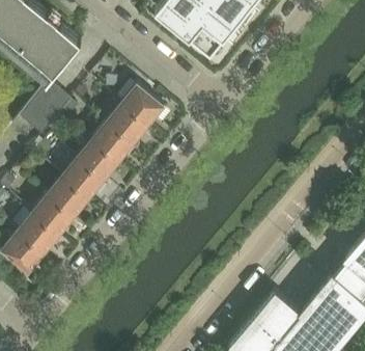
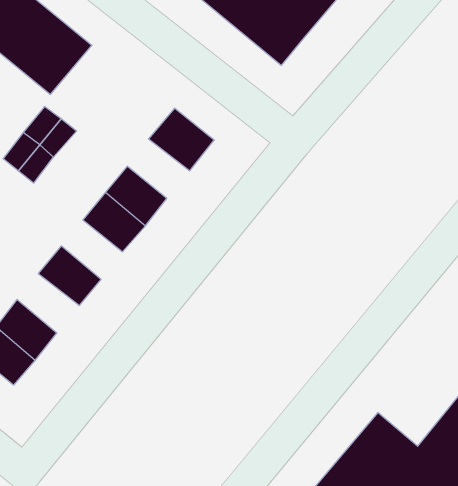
building: [104,108,146,149] -> none
building: [59,163,101,204] -> none
building: [29,199,72,240] -> none

